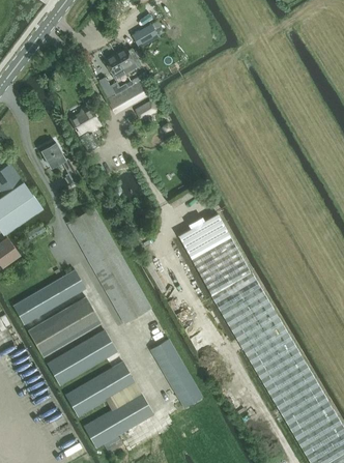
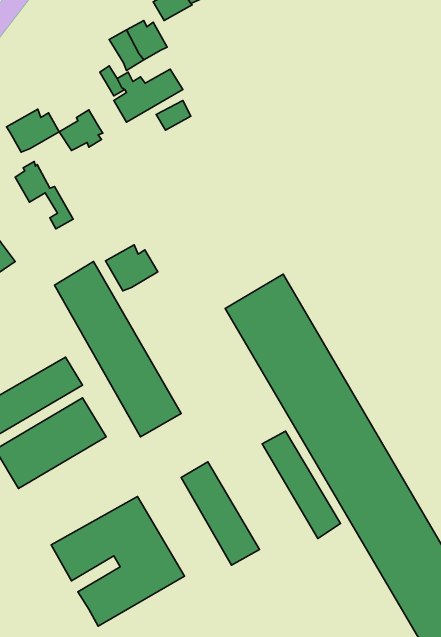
building: none -> [6,109,59,152]
building: none -> [105,245,158,291]
building: none -> [262,431,340,539]
building: [47,329,117,386] -> none

